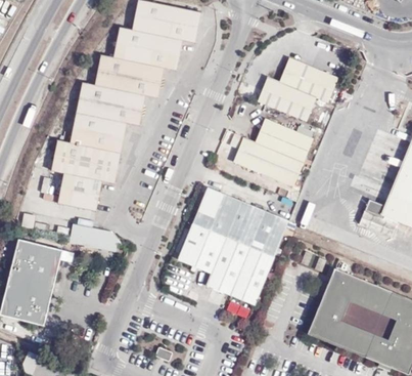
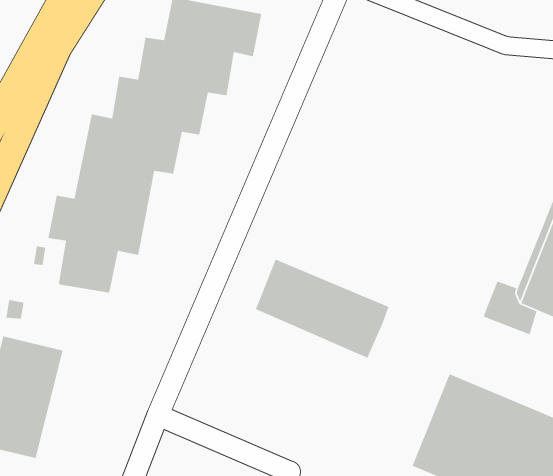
building: [260,59,338,121] -> none
building: [235,116,315,183] -> none
building: [181,221,276,303] -> none
building: [67,222,119,252] -> none

